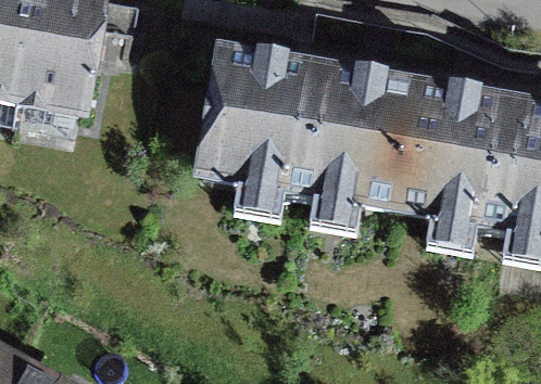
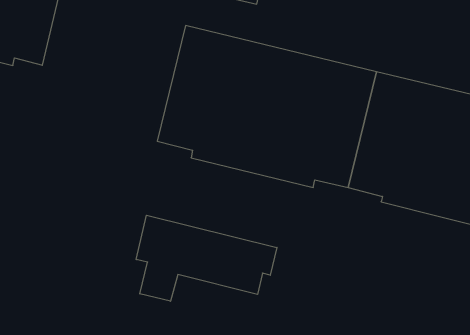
building: none -> [136,215,277,301]

